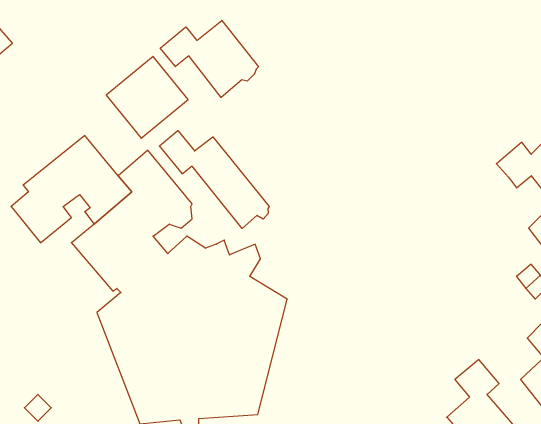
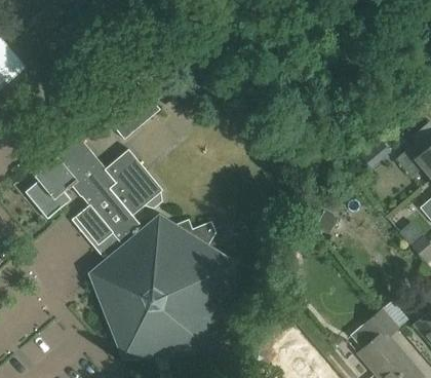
building: [160,20,258,97] -> none
building: [159,131,269,228] -> none

